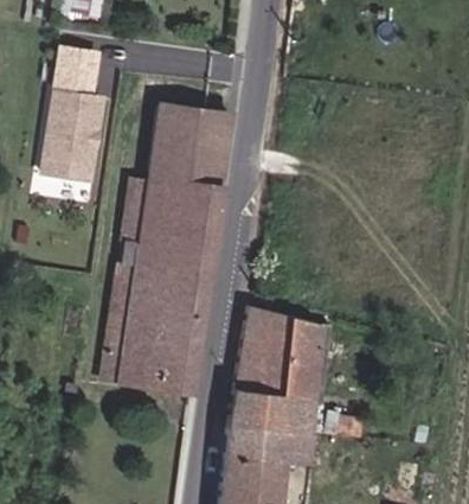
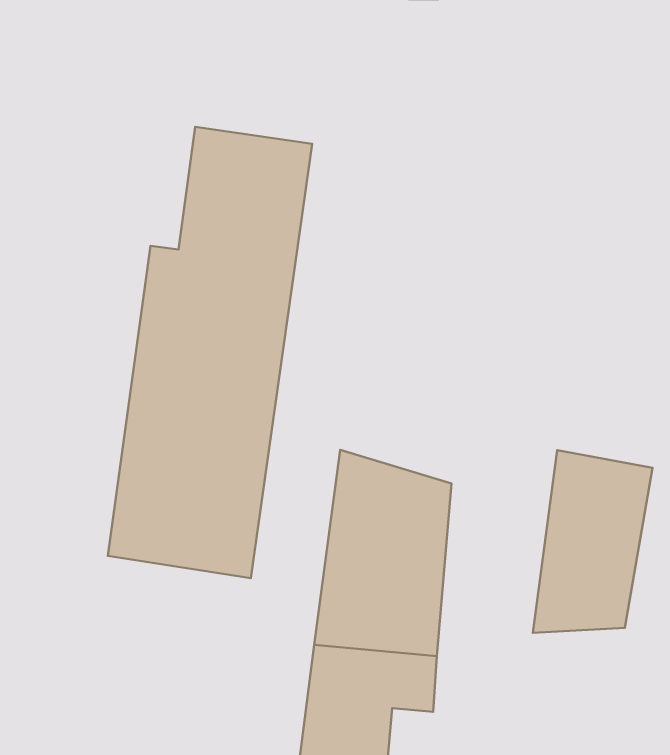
building: [43,45,103,179] -> none
building: none -> [533,450,653,633]

